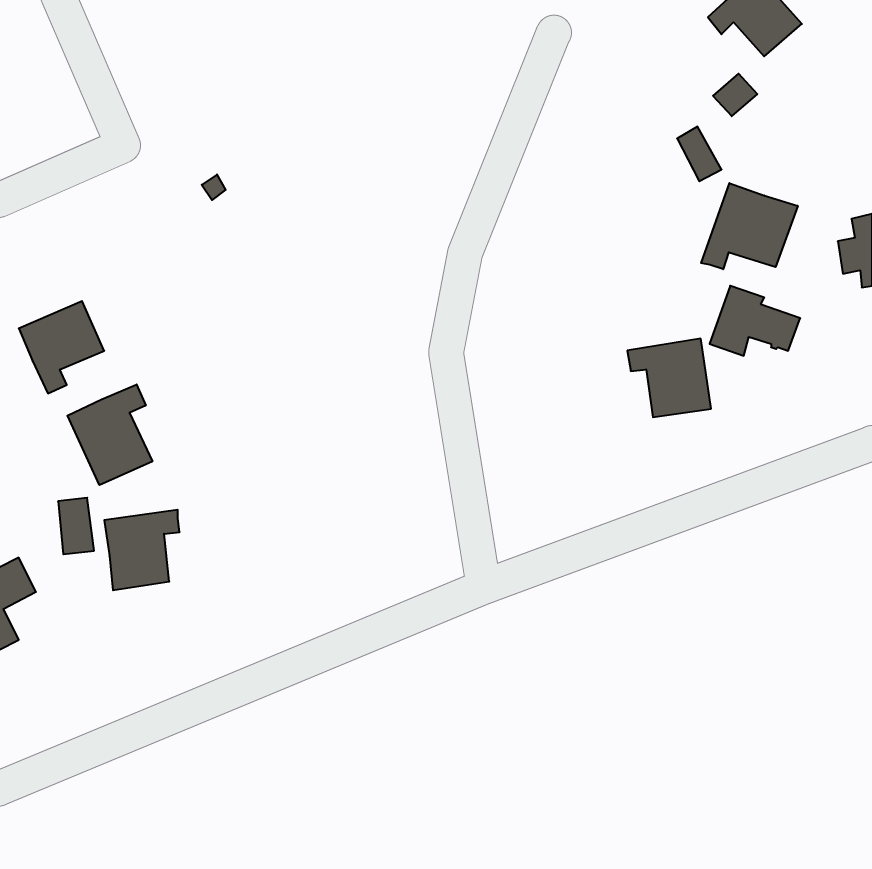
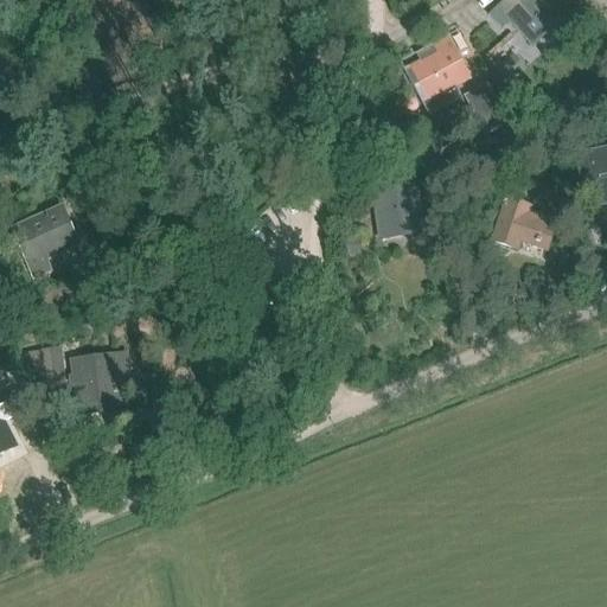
building: none -> [409,36,466,109]
building: [701,183,798,269] -> none
building: [627,339,711,417] -> [362,178,420,232]
building: [67,384,152,485] -> none

